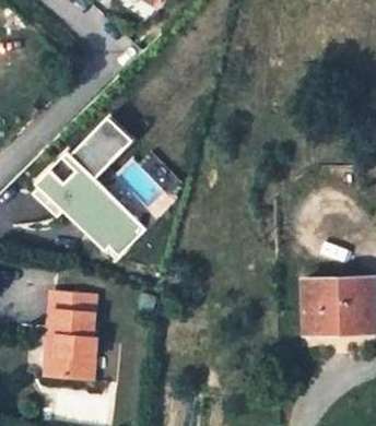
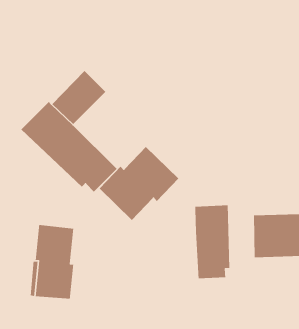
building: none -> [99,146,179,221]
building: none -> [194,205,230,279]

